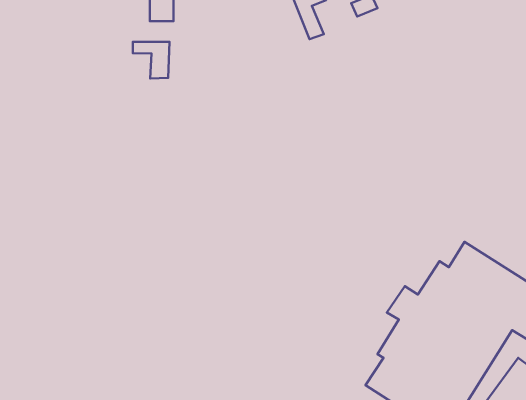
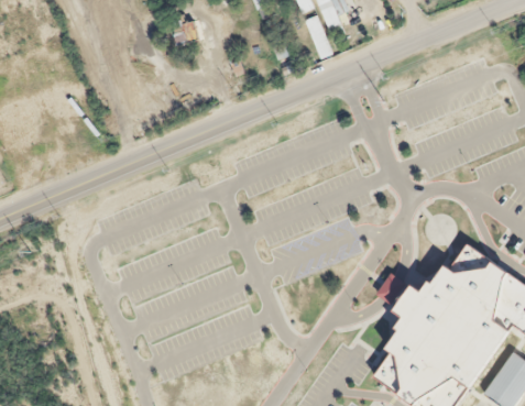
building: [133,42,169,78] -> none

